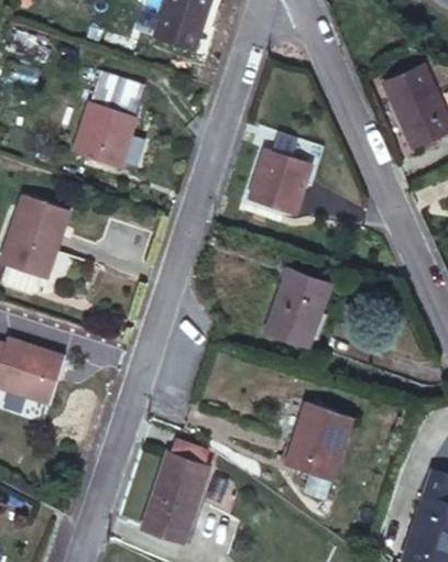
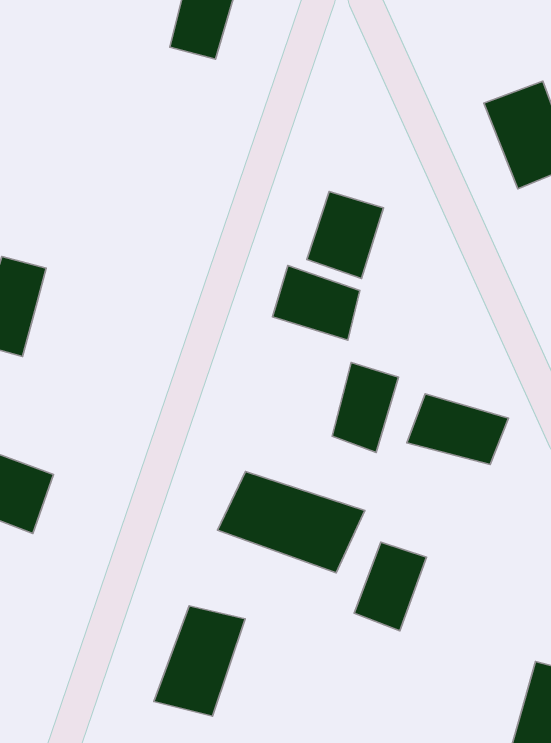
building: [74,76,133,163] -> none
building: none -> [273,265,360,340]
building: none -> [407,394,508,465]
building: none -> [218,471,365,573]

